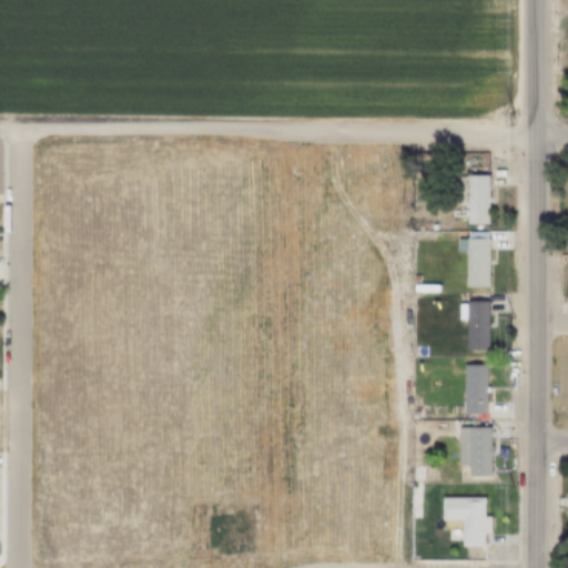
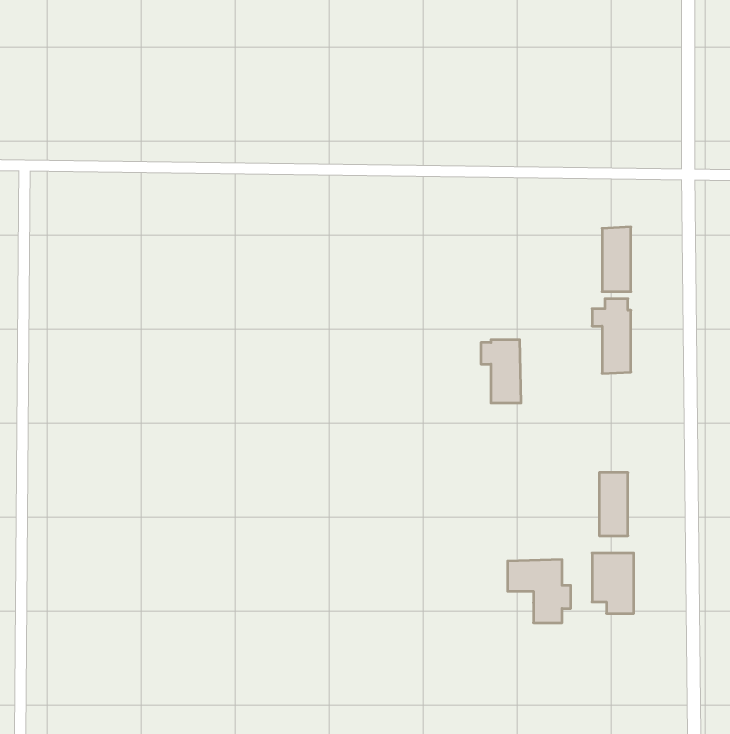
building: [460,302,491,351] -> [481,340,521,403]
building: [444,496,493,545] -> [508,560,571,623]

